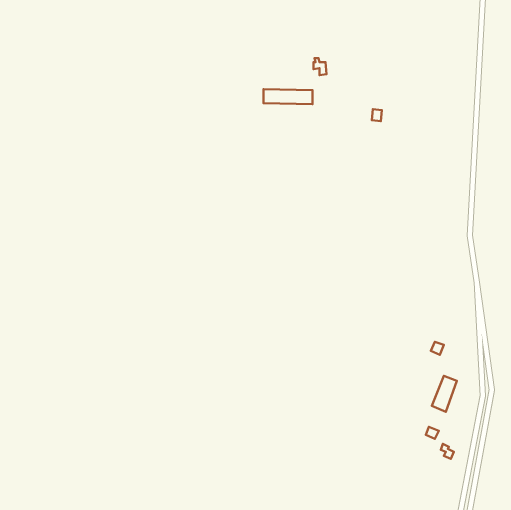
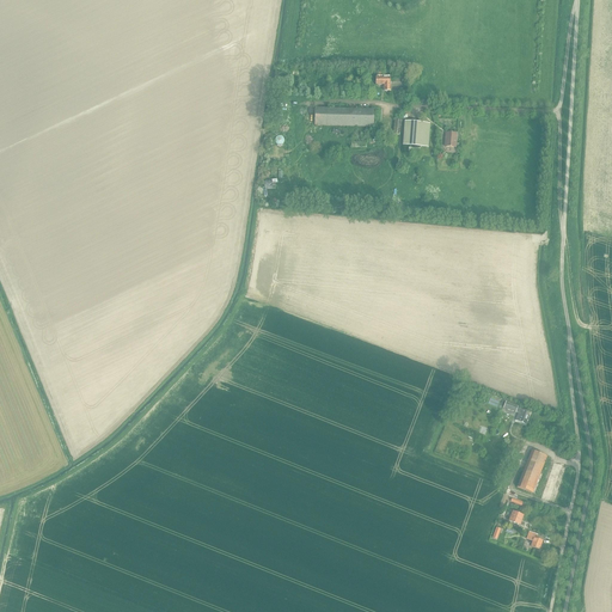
building: none -> [402,120,428,146]

